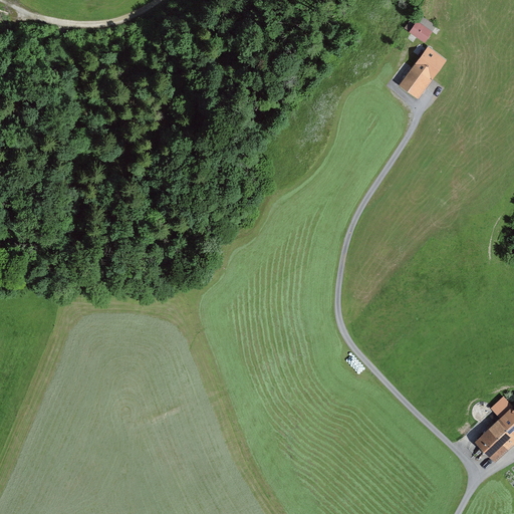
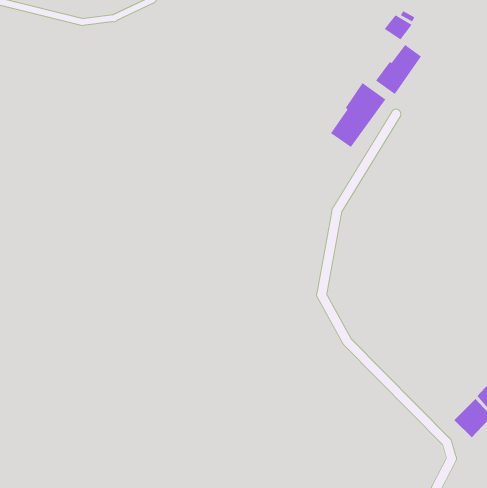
building: none -> [330,82,386,148]

